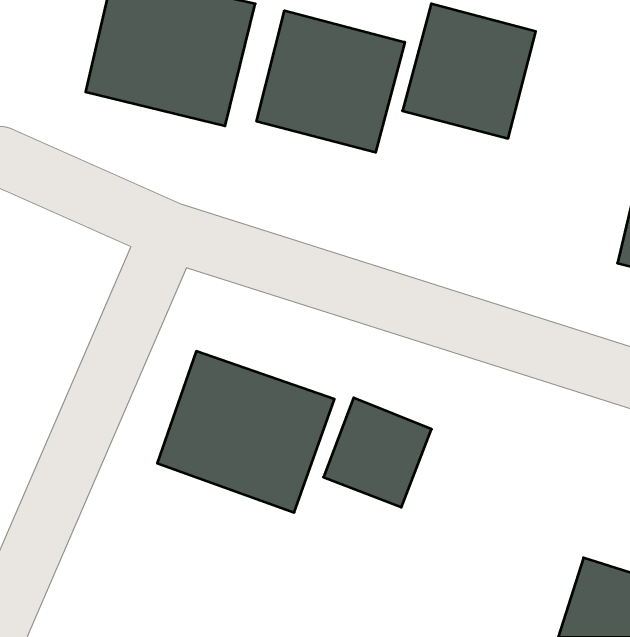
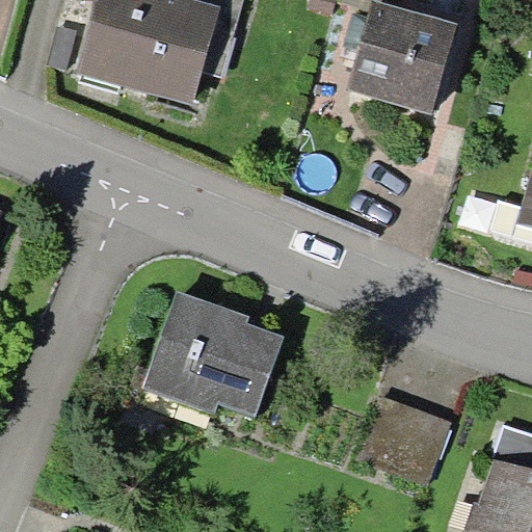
building: [257,11,405,152] -> none
building: [323,398,432,507] -> [362,393,451,483]

